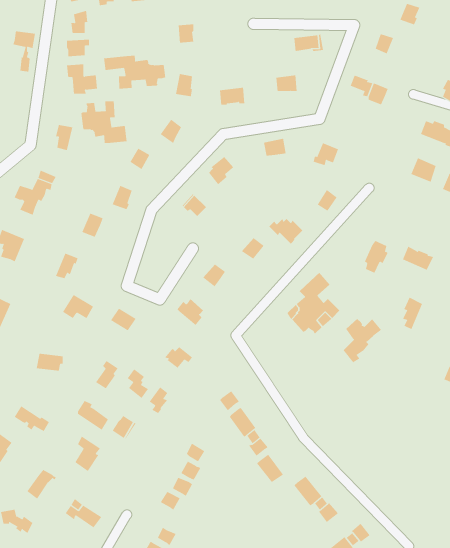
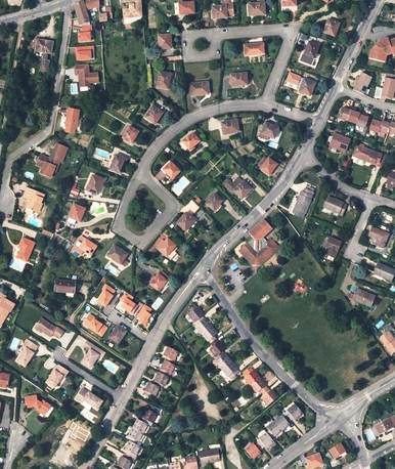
building: [104,55,166,90] -> none
building: [81,100,127,144] -> none
building: [343,318,382,363] -> none

